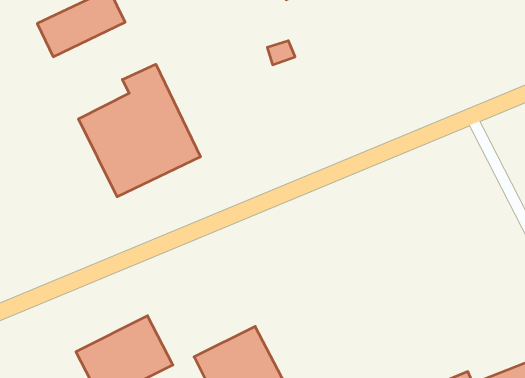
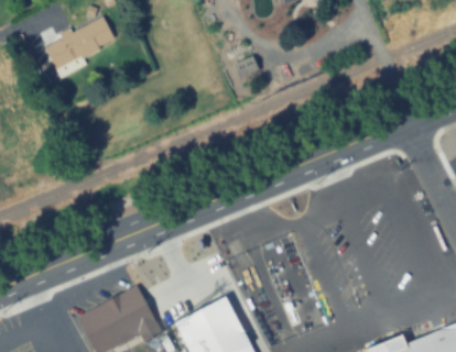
building: [79,64,200,197] -> none

